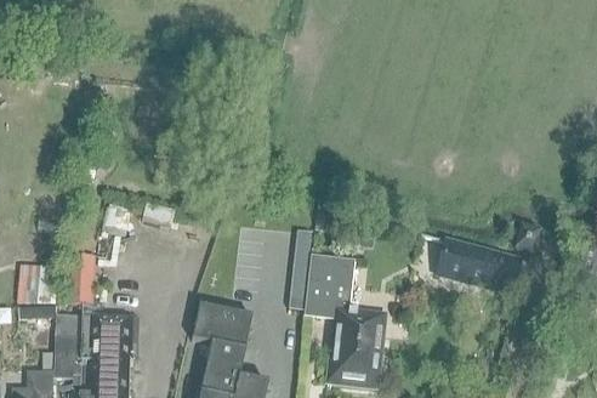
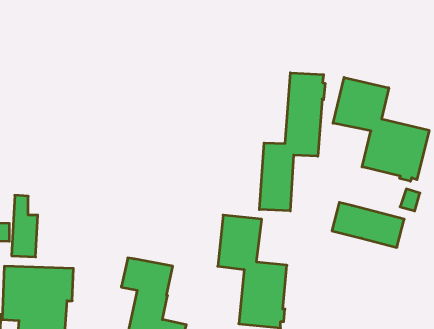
building: none -> [259,73,325,211]
building: none -> [333,77,429,181]

